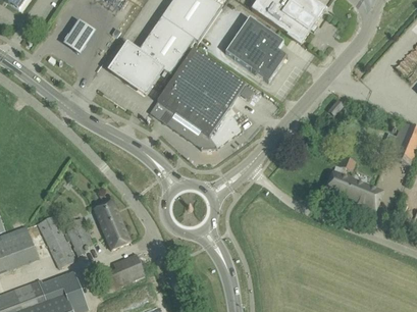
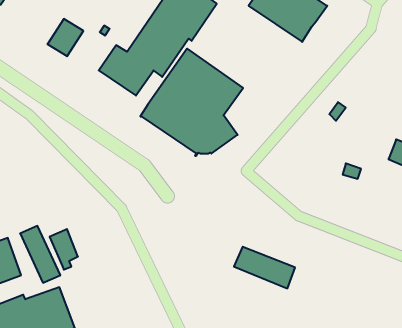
building: [224,16,286,81] -> none
building: [324,170,381,209] -> [234,247,295,288]
building: [93,199,129,248] -> none
building: [98,253,144,290] -> none

